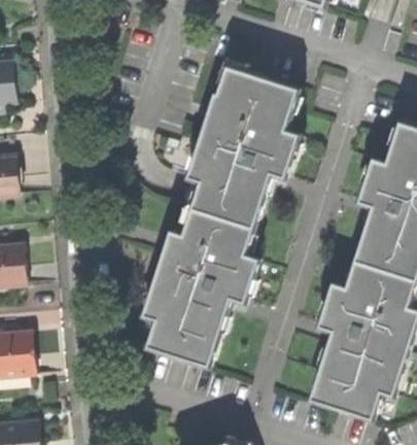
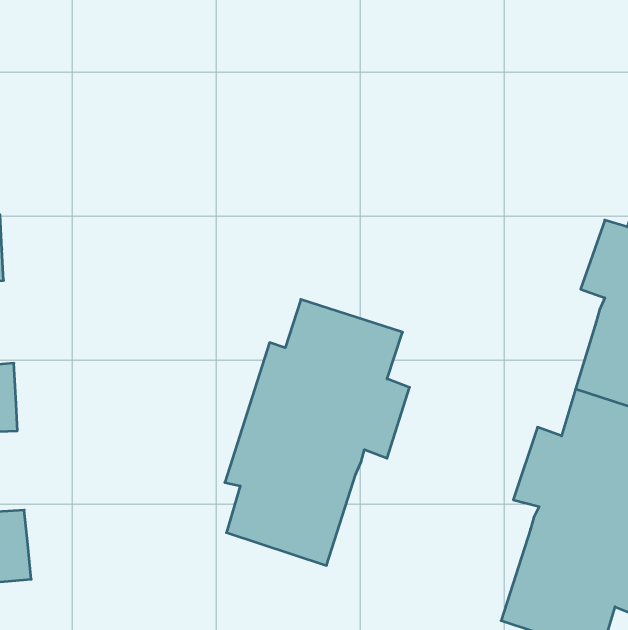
building: [190,67,297,227] -> none

